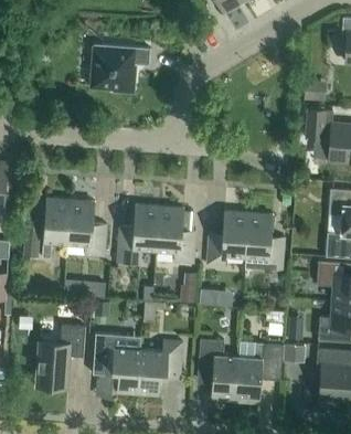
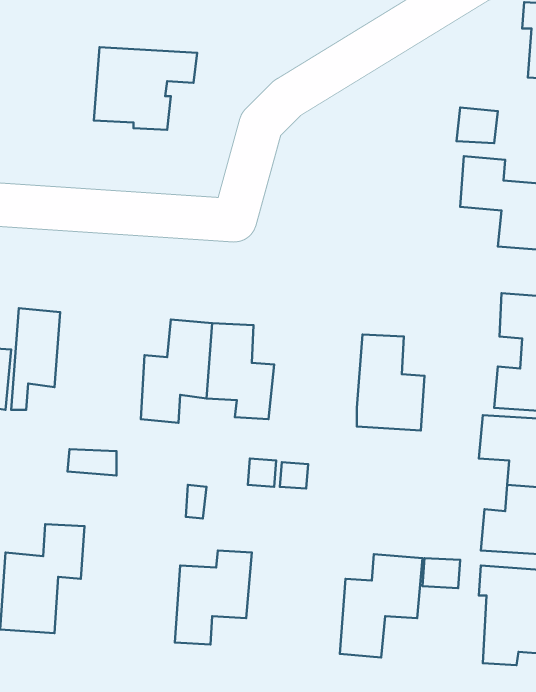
building: [66,200,106,256] -> none
building: [206,211,247,265] -> none
building: [97,336,140,394] -> none
building: [196,339,237,401] -> none

